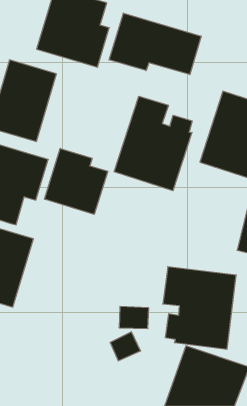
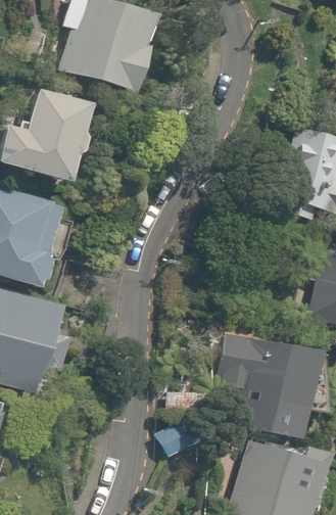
building: [109,13,201,75] -> none
building: [114,96,192,191] -> none
building: [45,148,108,214] -> none

